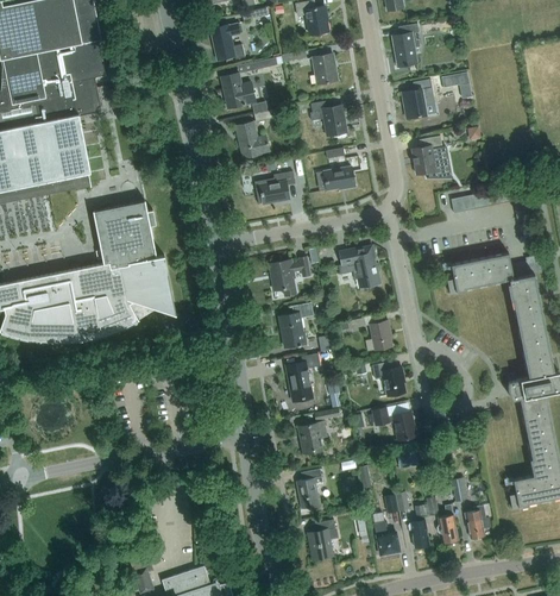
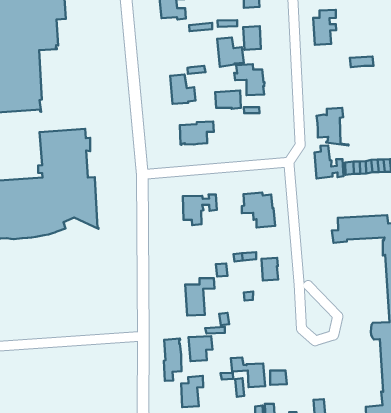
building: [221,73,256,108] -> [217,38,244,67]
building: [402,80,433,118] -> none
building: [323,165,355,189] -> [215,90,241,109]
building: none -> [314,146,343,178]
building: [278,302,313,346] -> none
building: [372,360,405,395] -> none
building: [372,407,416,440] -> [231,358,265,387]
building: none -> [164,338,182,381]

